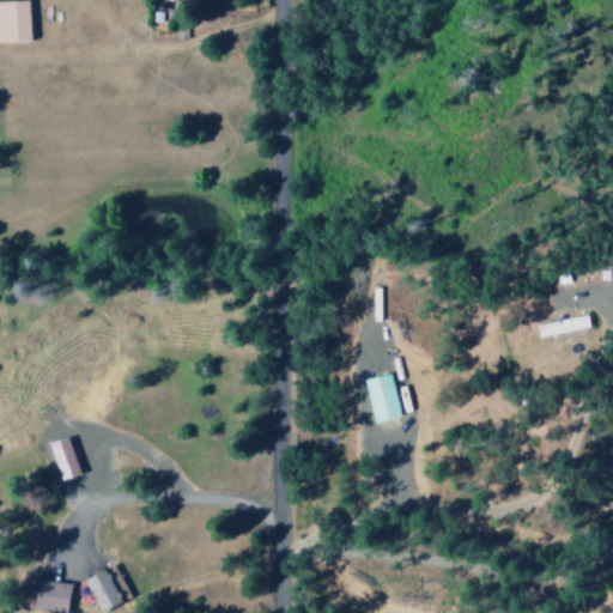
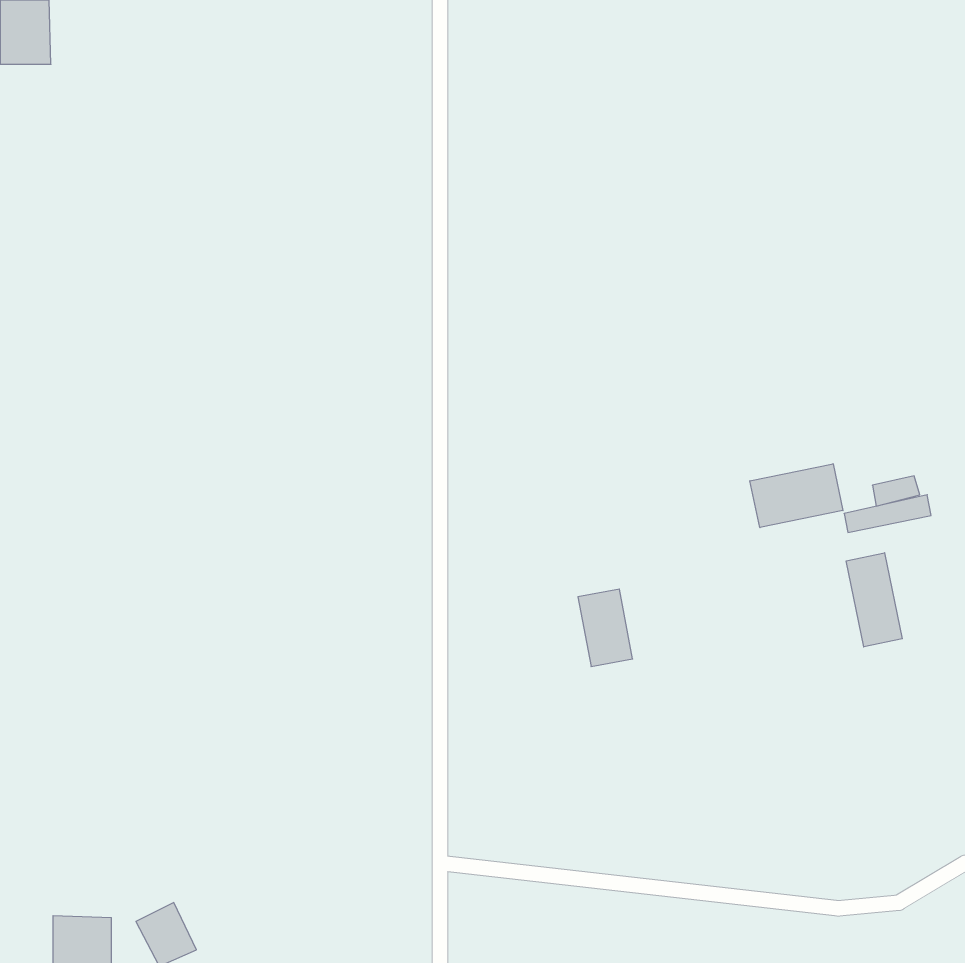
building: none -> [750,464,843,528]
building: none -> [846,553,902,647]
building: [50,438,83,481] -> none

